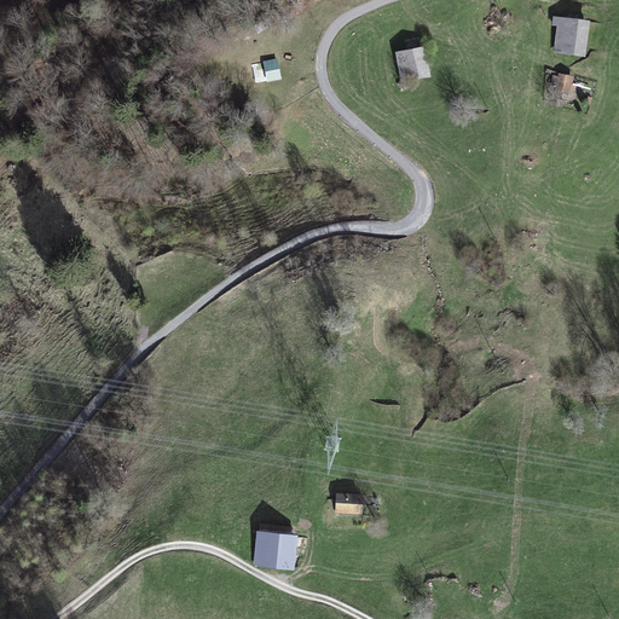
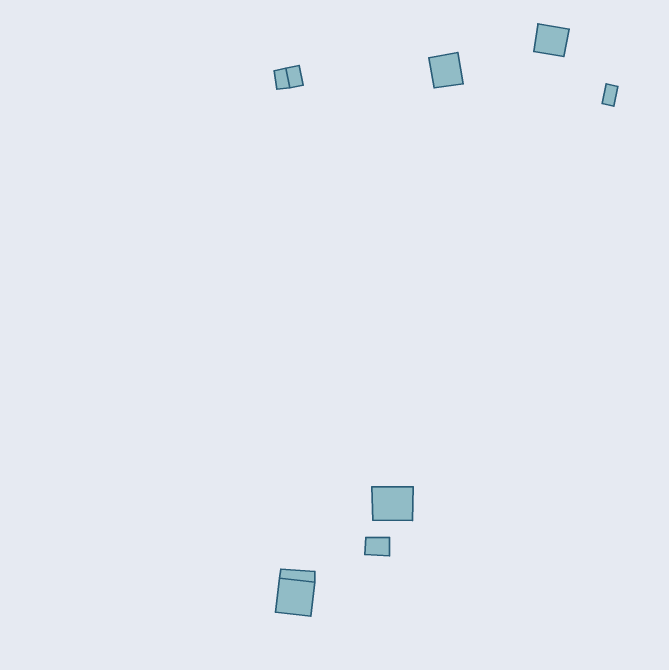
building: [556,24,589,54] -> [534,24,569,57]
building: none -> [372,487,413,520]

